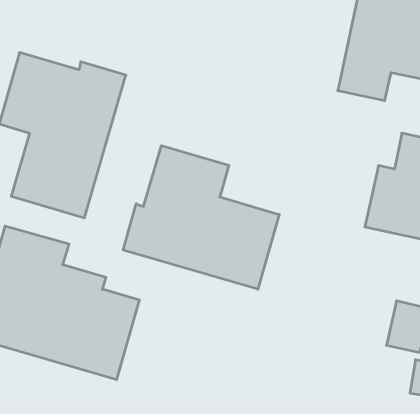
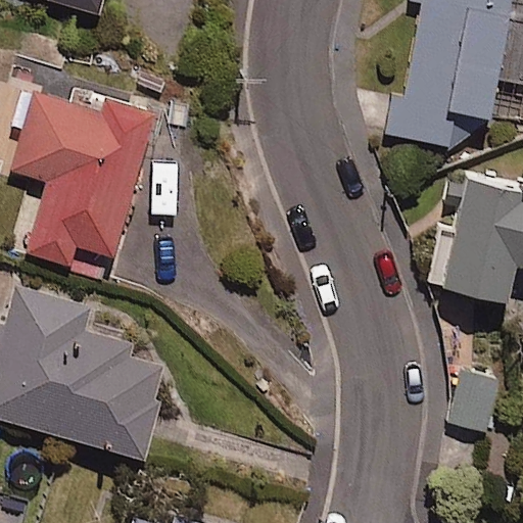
building: [123,146,279,289] -> none

